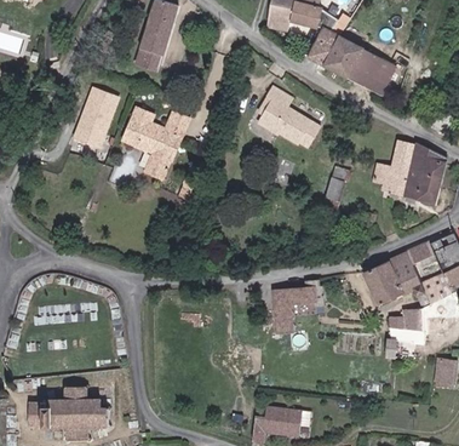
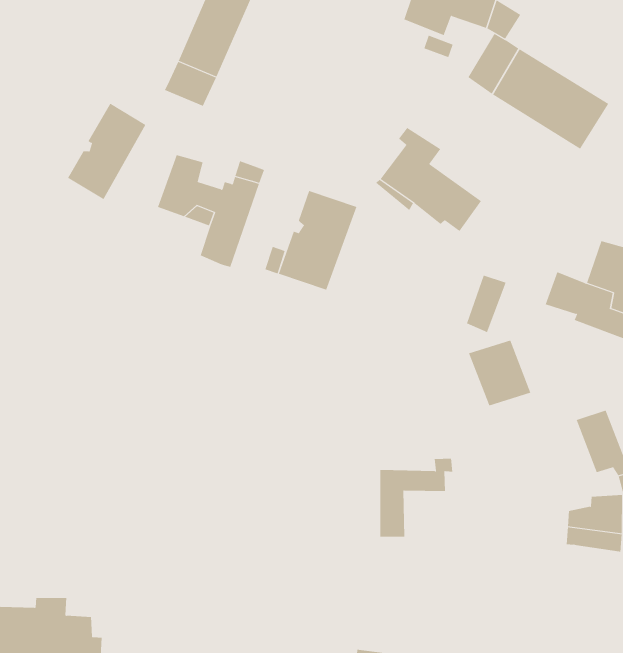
building: none -> [278,190,357,290]
building: [361,259,401,301] -> [468,340,531,406]

